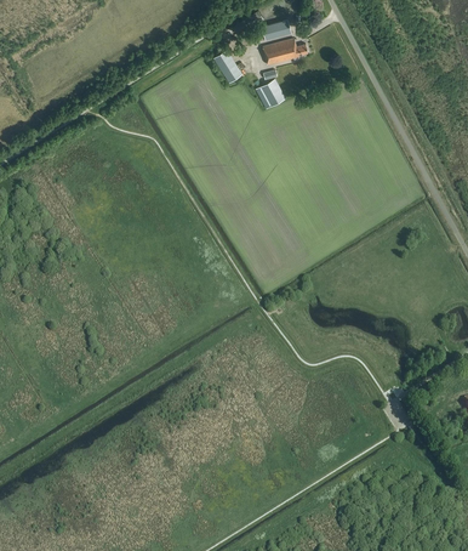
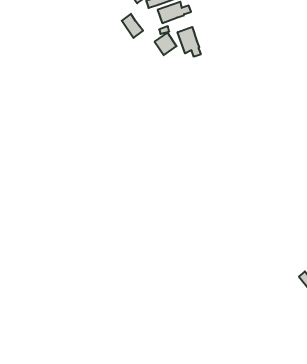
building: none -> [178,27,201,57]

